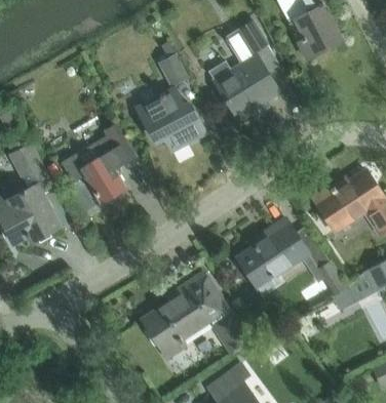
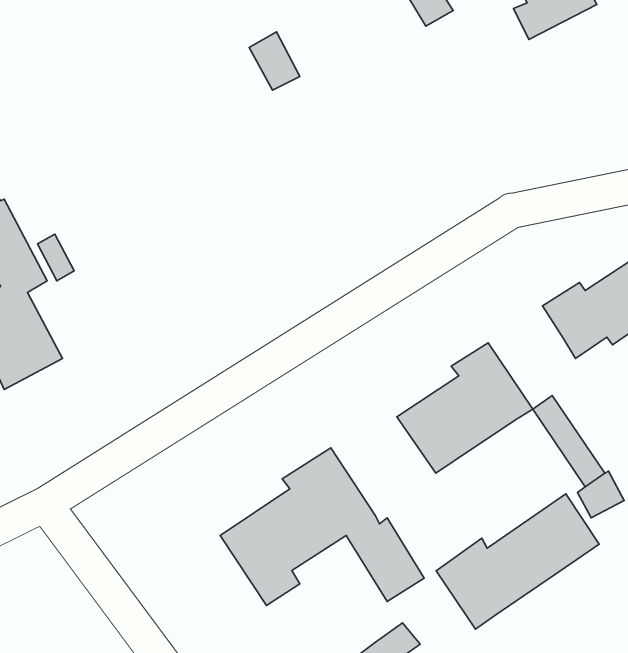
building: [211,57,279,113] -> none
building: [138,90,204,151] -> none
building: [60,125,136,205] -> none
building: none -> [436,494,599,629]

